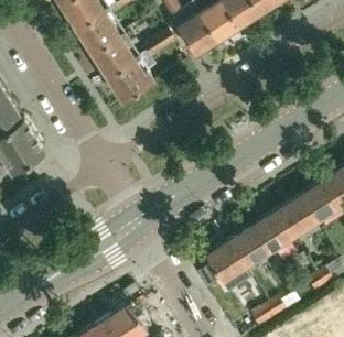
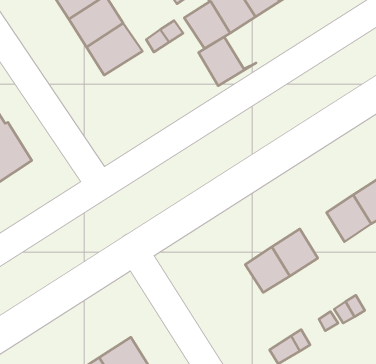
building: none -> [199,37,256,86]
building: [107,56,152,101] -> none
building: [277,196,315,236] -> none
building: [205,241,245,281] -> none

